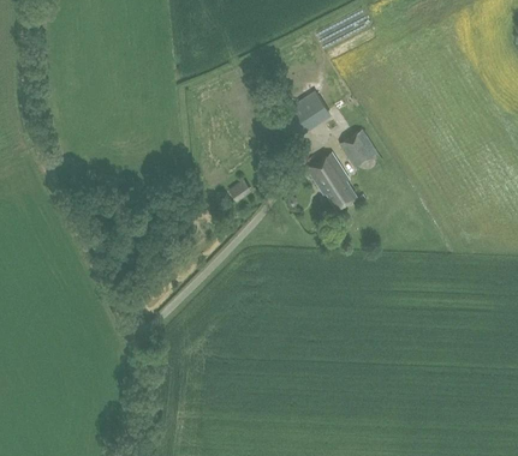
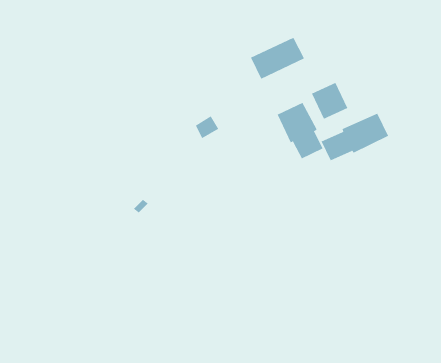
building: none -> [321,113,389,161]

